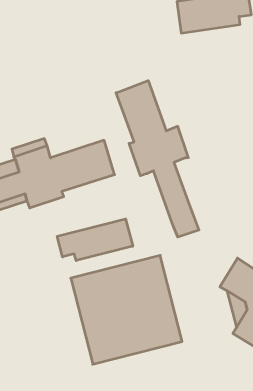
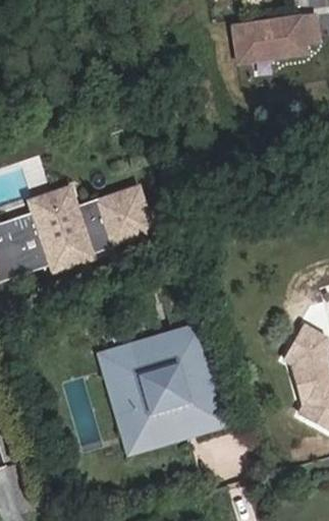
building: [116,81,199,237] -> none
building: [57,219,133,261] -> none

